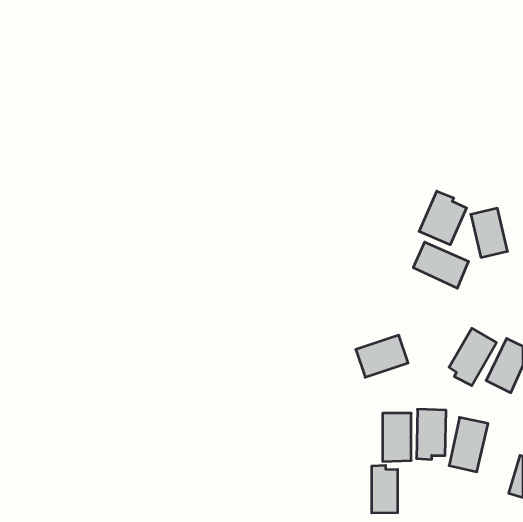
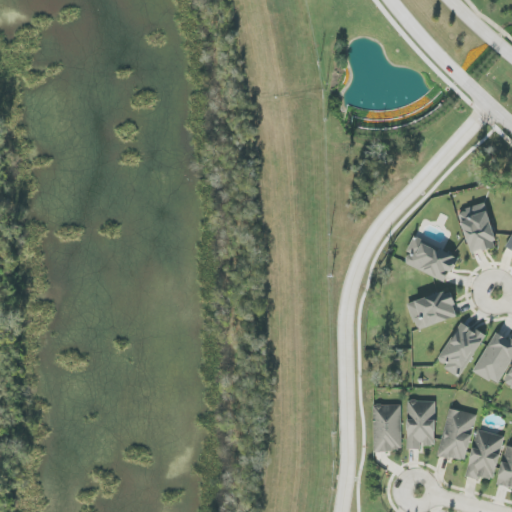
building: [419,191,467,245] -> none
building: [356,335,408,377] -> [407,288,458,329]
building: none -> [466,428,504,480]
building: [372,465,398,513] -> none

